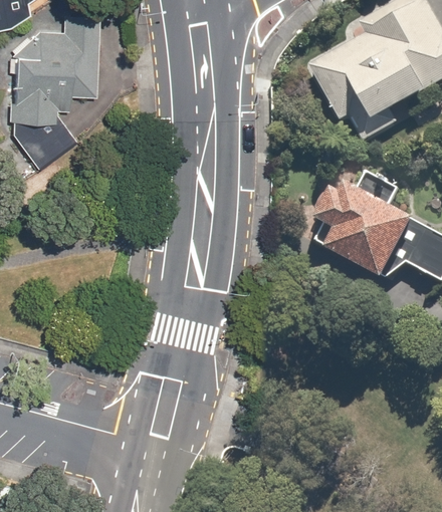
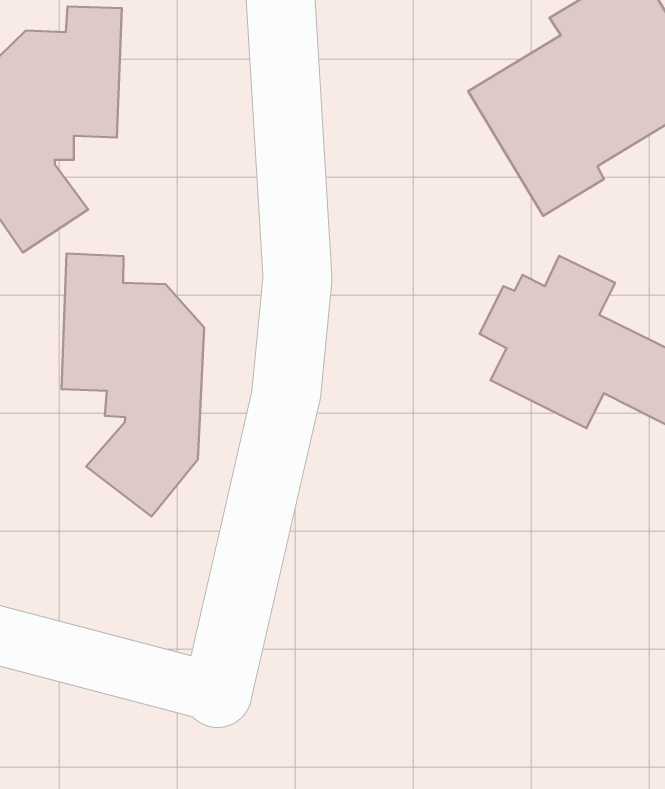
building: none -> [61,253,204,517]

